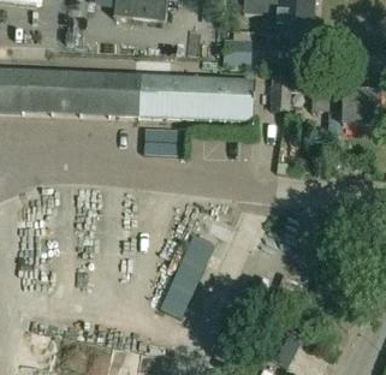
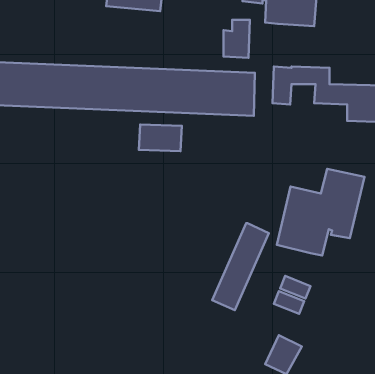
building: none -> [277,169,365,255]
building: [160,234,214,317] -> [212,223,269,310]

